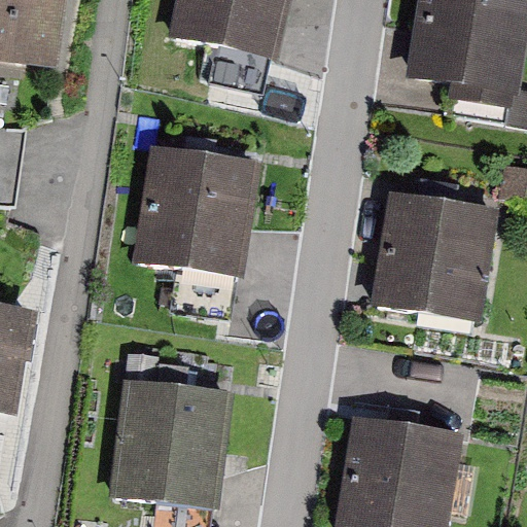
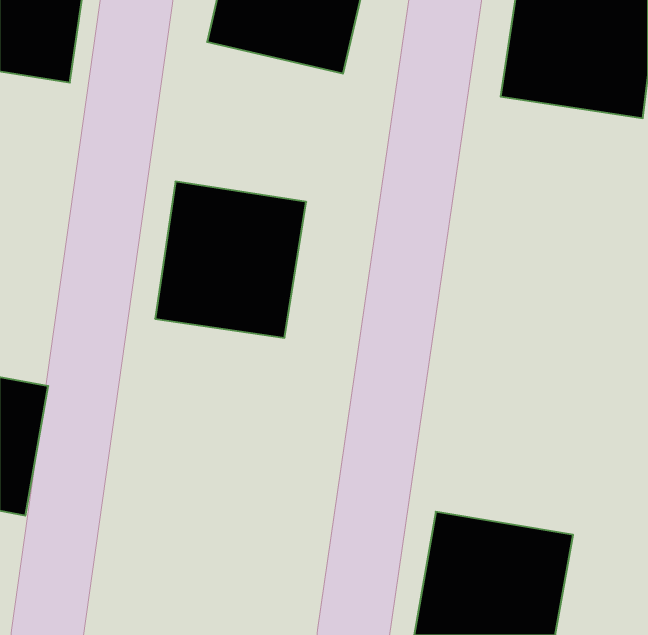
building: [372,190,500,323] -> none
building: [109,378,235,510] -> none

